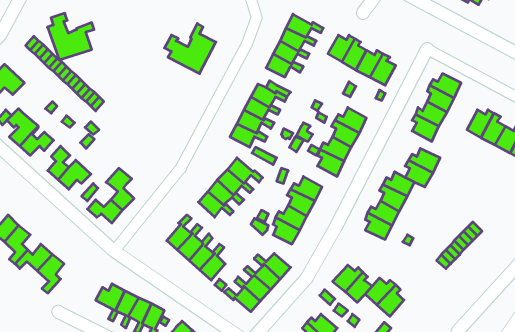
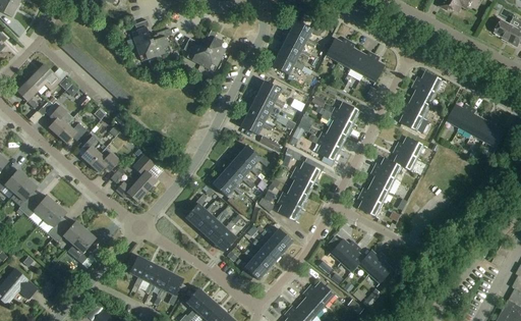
building: [47,13,94,60] -> [131,19,172,60]

